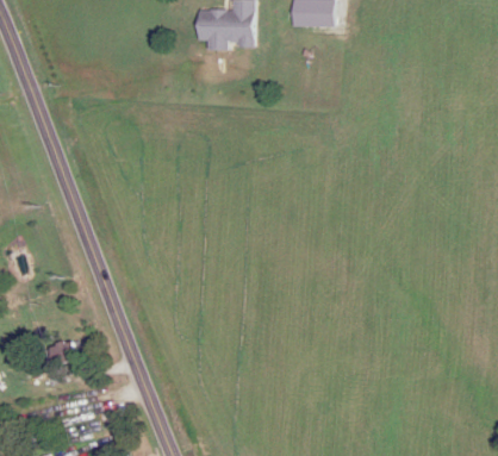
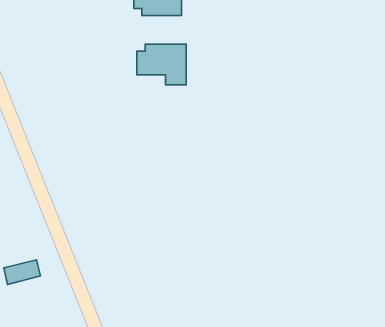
building: none -> [137,44,186,85]

